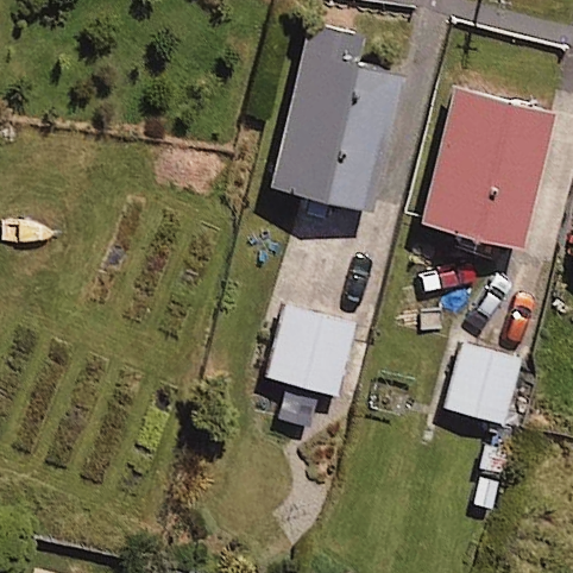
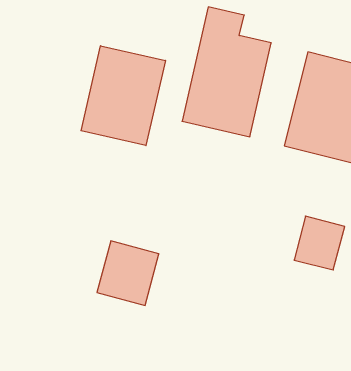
building: none -> [81,46,165,146]
building: [253,298,344,392] -> [97,241,159,305]

